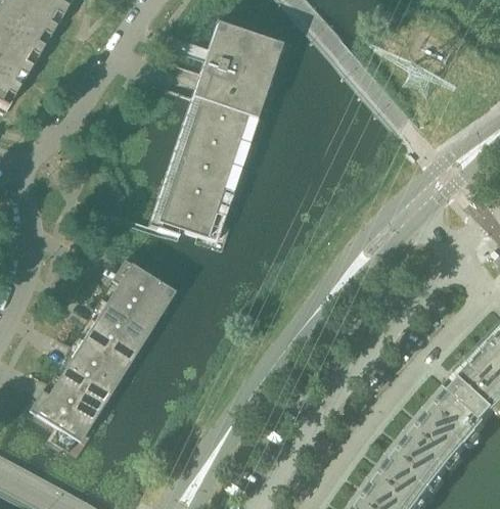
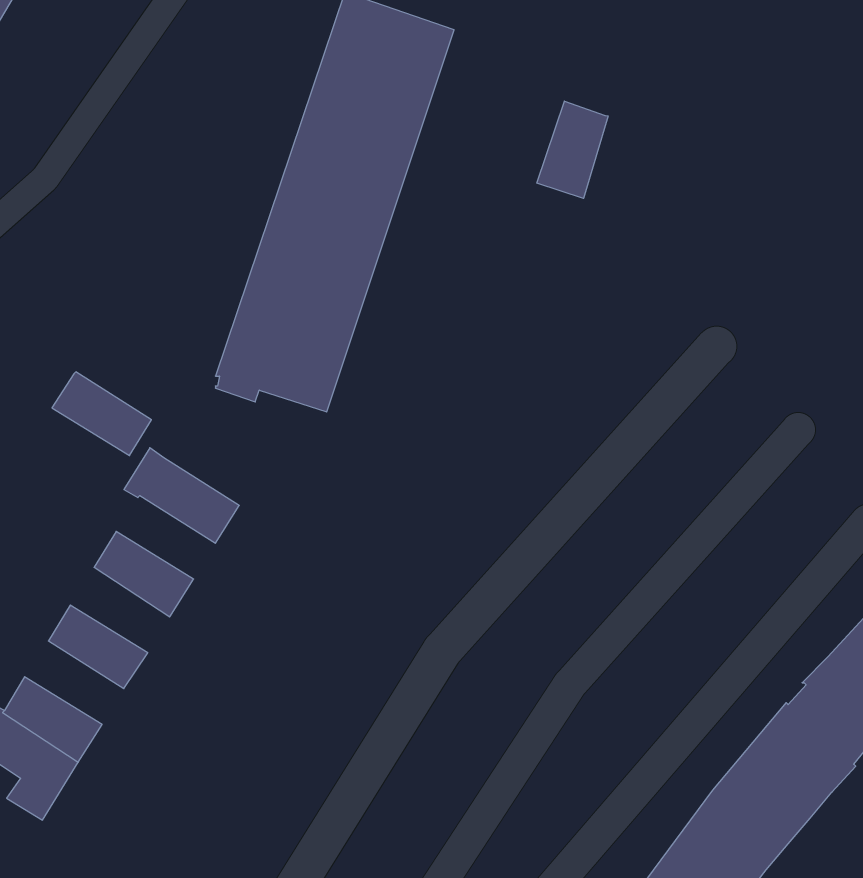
building: none -> [537,101,608,198]
building: [106,281,157,324] -> [52,372,151,456]
building: [83,318,134,362] -> none
building: [59,356,110,399] -> none

